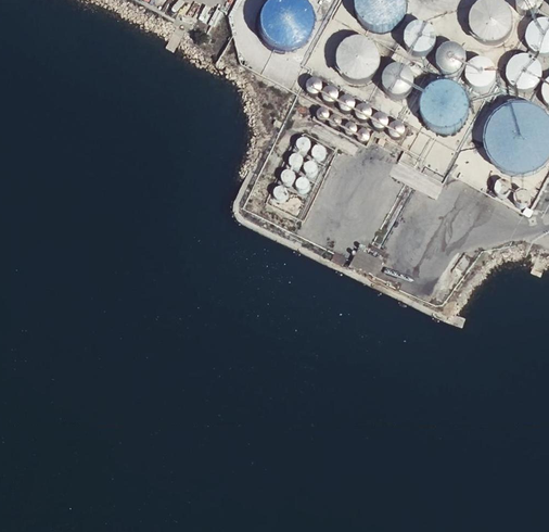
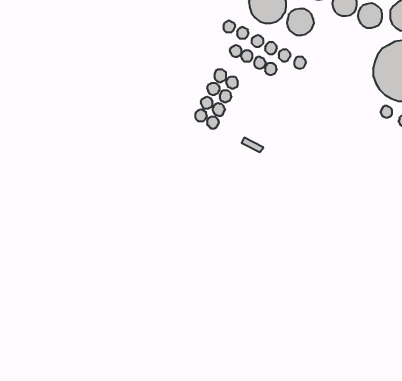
building: [420,79,470,129] -> none

